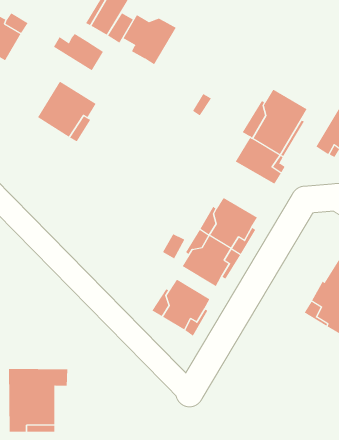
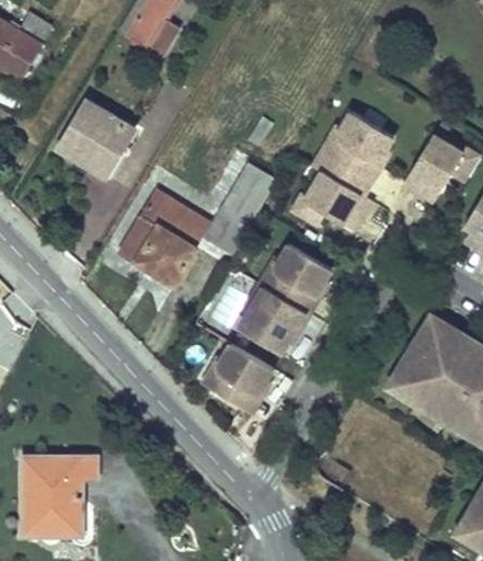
building: [123,14,176,65] -> none
building: [53,33,104,71] -> none
building: none -> [205,165,275,255]
building: none -> [120,193,208,285]

